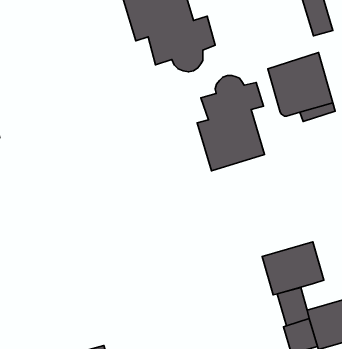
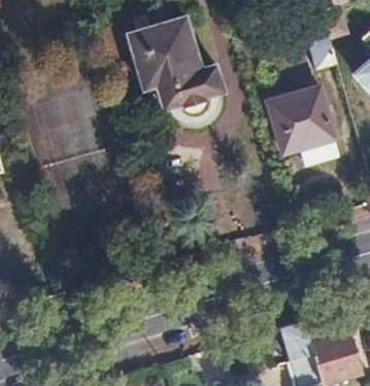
building: [197,75,264,171] -> none
building: [262,242,324,295] -> none

